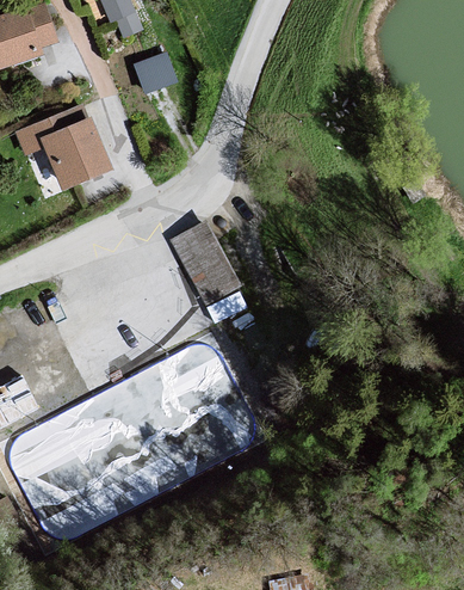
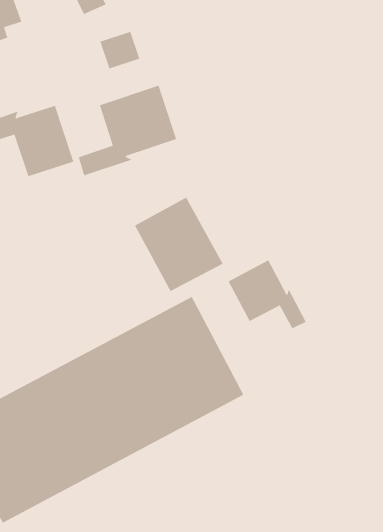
building: none -> [78,85,177,176]
building: none -> [228,260,307,329]

